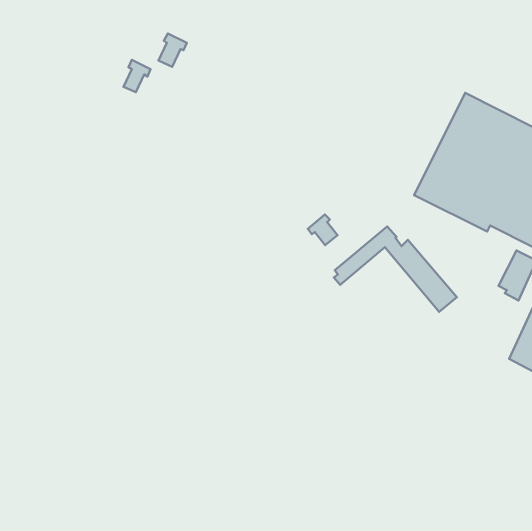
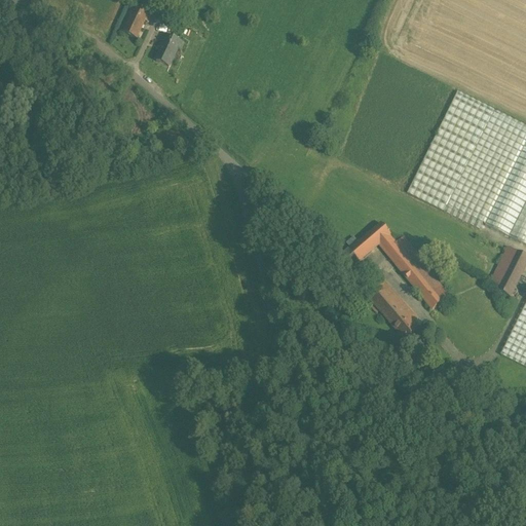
building: [123,60,151,92] -> [125,5,152,37]
building: [308,214,337,245] -> none
building: none -> [369,285,422,349]

